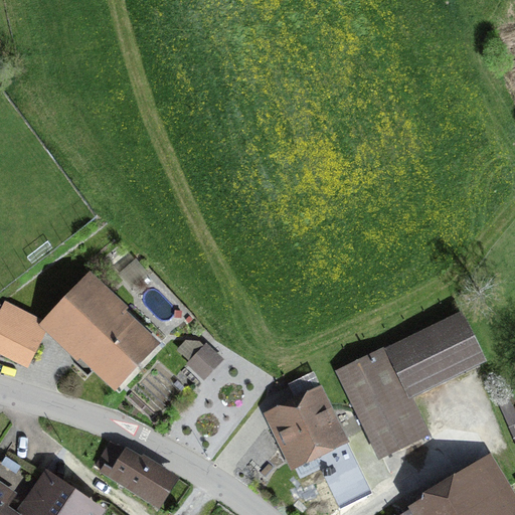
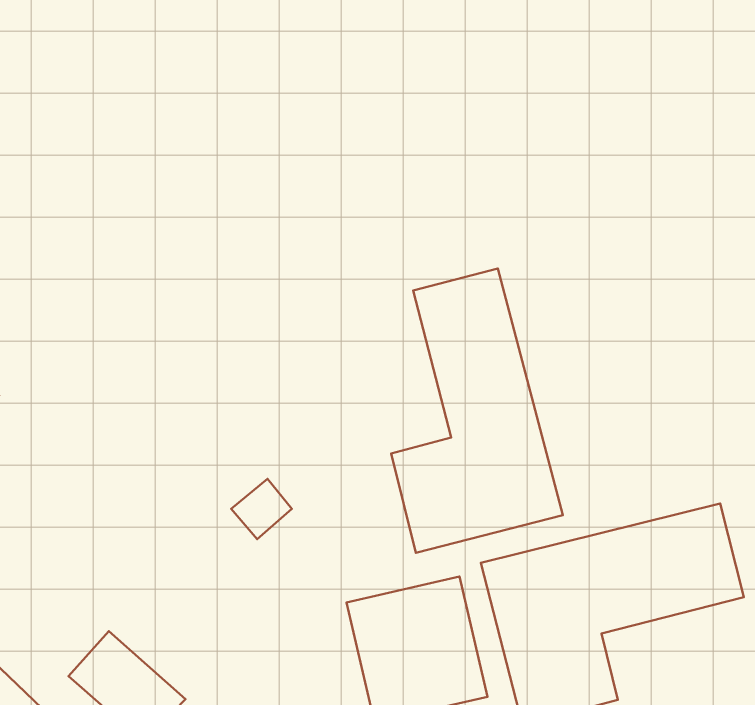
building: none -> [391,269,563,553]
building: [45,272,160,382] -> none

